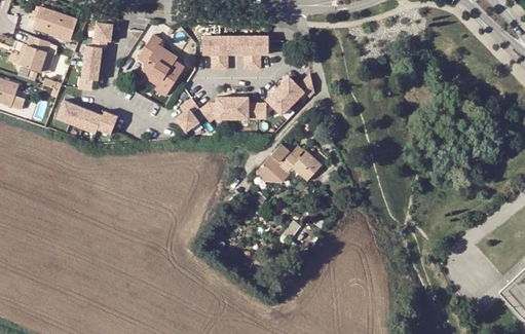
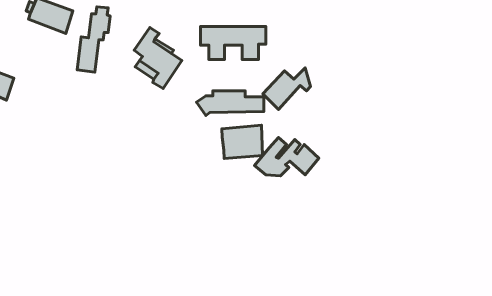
building: [15,45,49,73] -> none
building: [177,98,200,132] -> none
building: [57,99,118,134] -> none
building: none -> [222,125,262,158]

